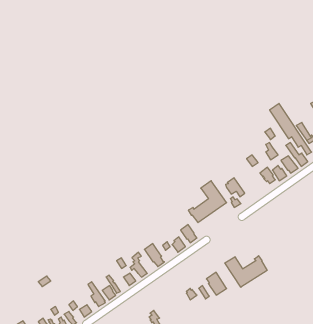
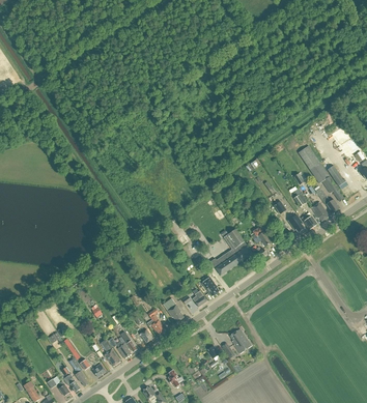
building: [225,256,267,287] -> none

